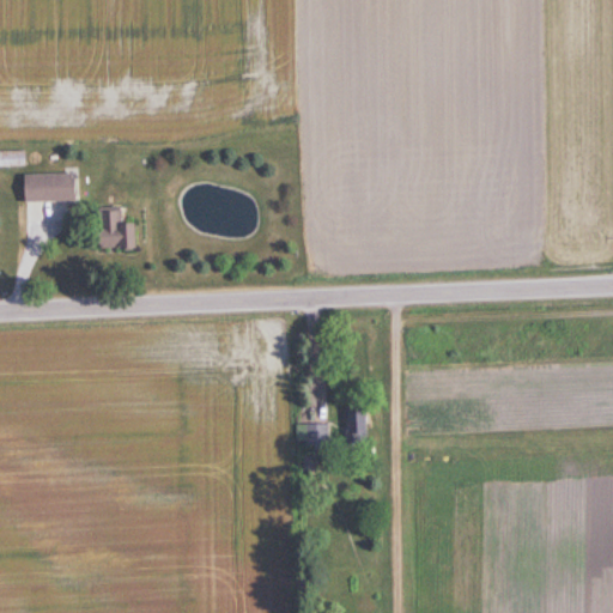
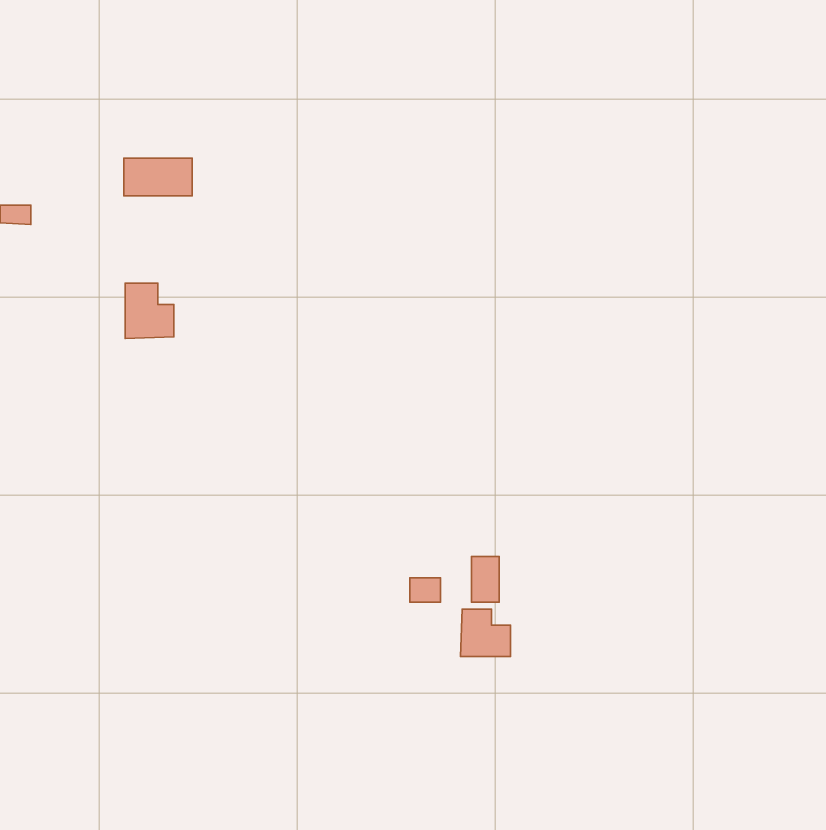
building: [23,174,73,201] -> [124,158,192,196]
building: none -> [461,609,510,657]

